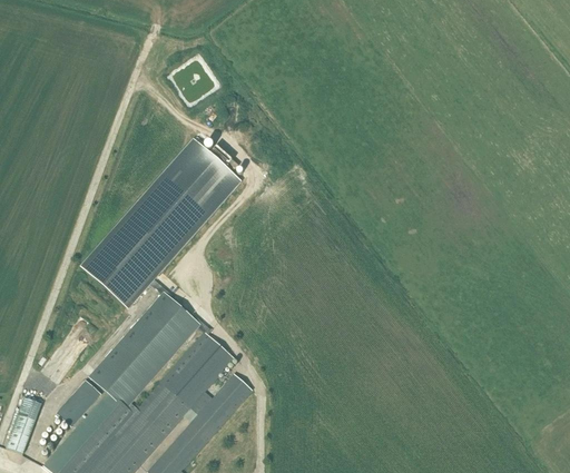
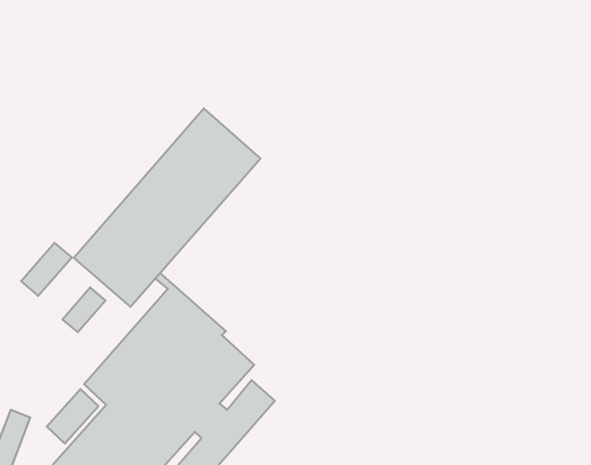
building: none -> [21,243,72,296]
building: none -> [63,288,105,332]

